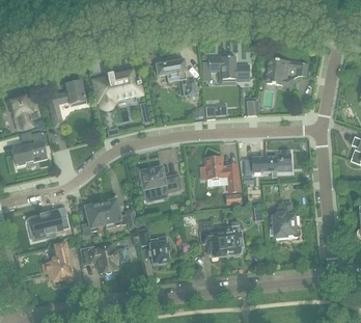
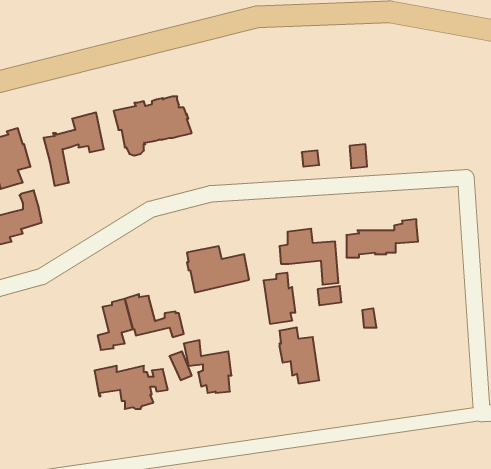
building: [267,54,308,85] -> none
building: [209,55,249,80] -> none
building: [156,58,196,92] -> none
building: [270,201,299,238] -> none
building: [30,212,70,235] -> none
building: [222,220,243,253] -> [263,273,295,324]
building: [45,243,73,281] -> none

